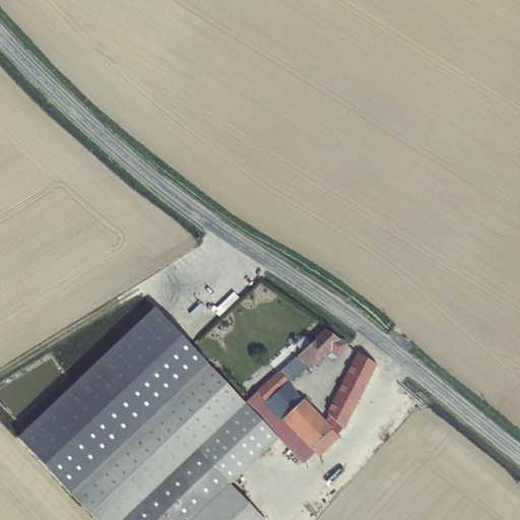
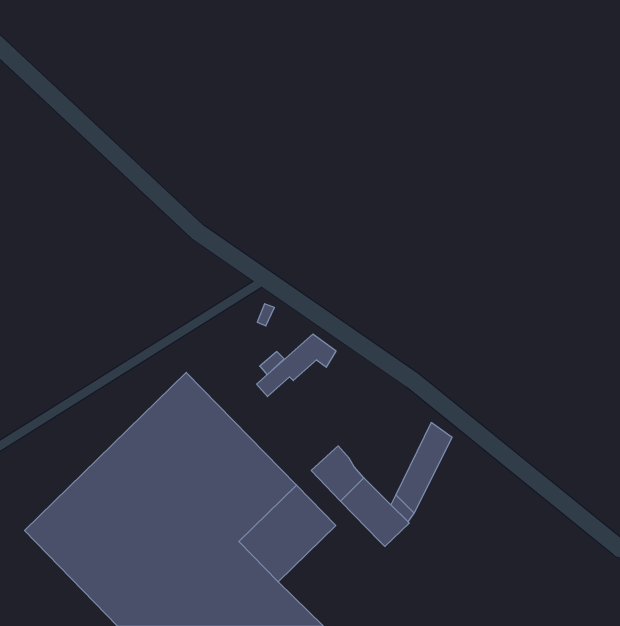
building: [280,328,346,380] -> [257,334,336,397]
building: [247,390,315,460] -> none

